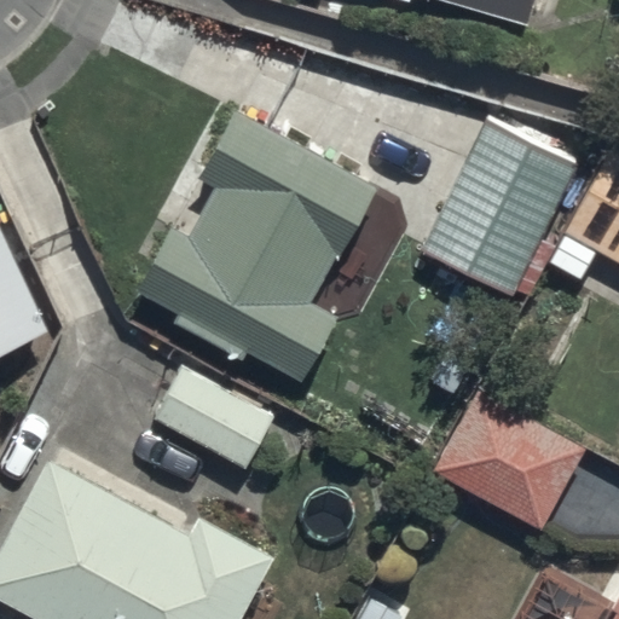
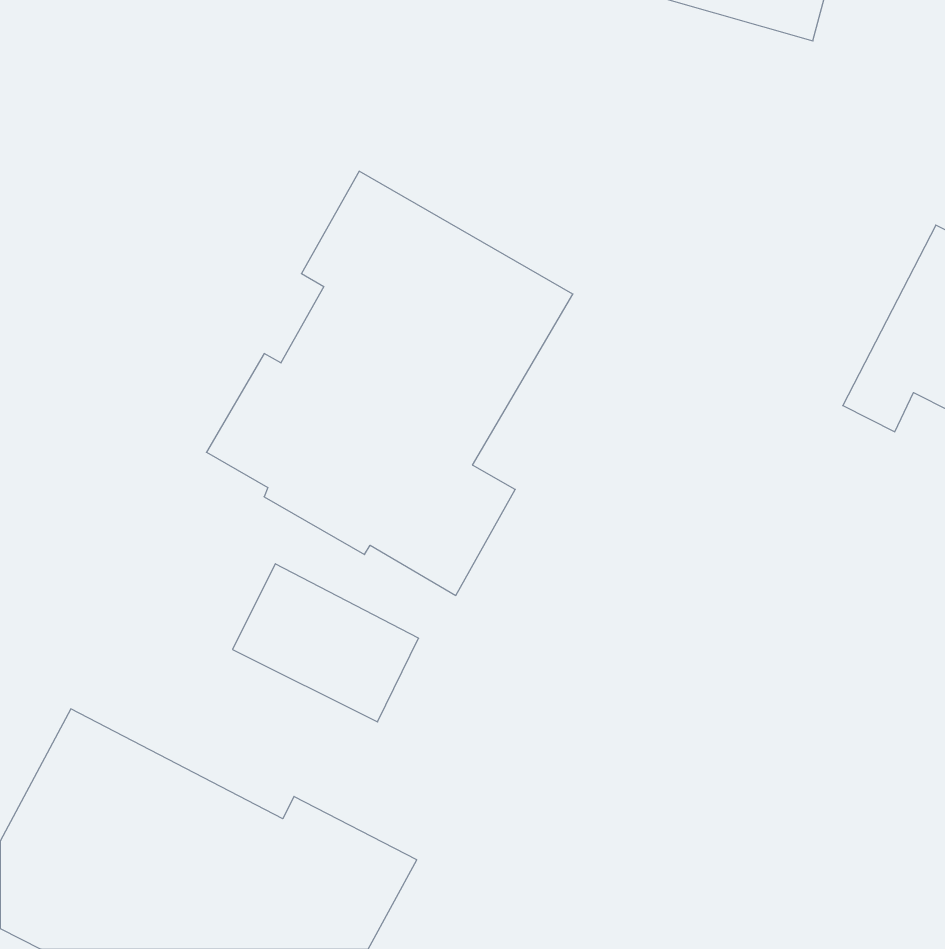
building: [422,120,579,296] -> none
building: [434,389,586,531] -> none

